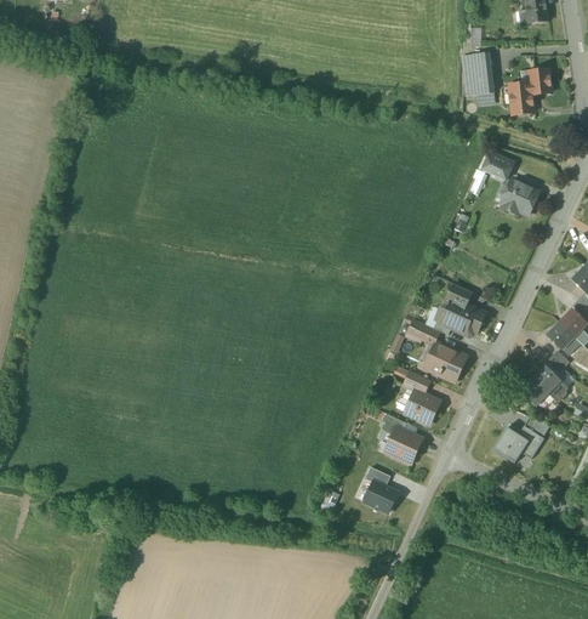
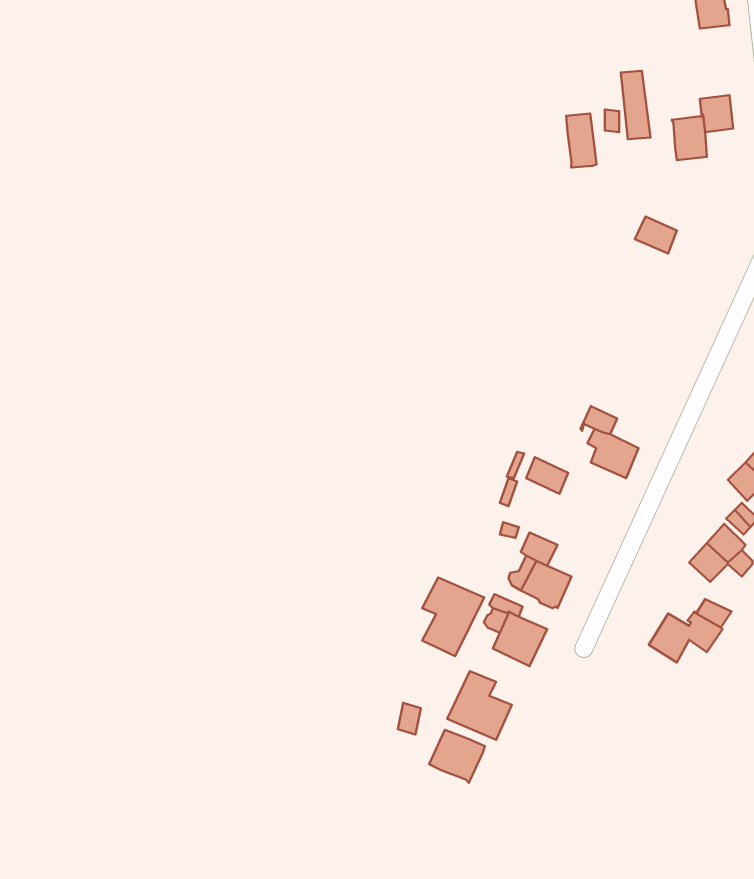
building: none -> [566,113,596,167]
building: [502,180,540,215] -> none
building: [427,342,467,380] -> none
building: none -> [422,577,484,656]
building: none -> [429,730,485,783]

